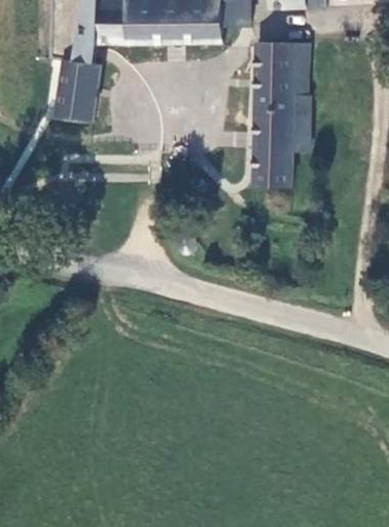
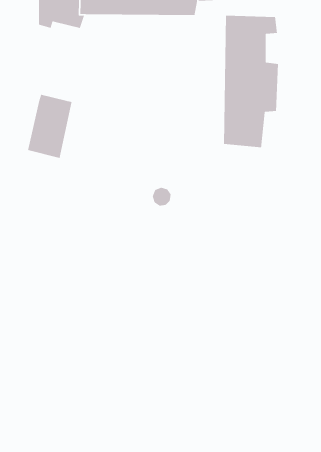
building: [51,49,101,120] -> [27,94,72,159]

